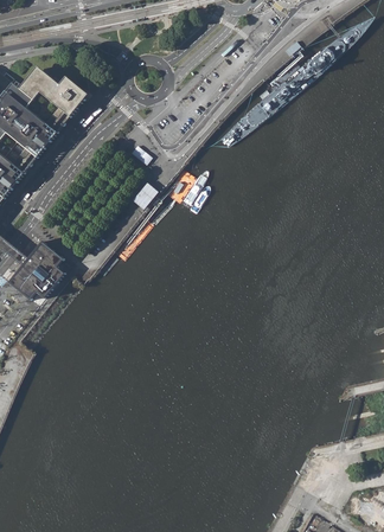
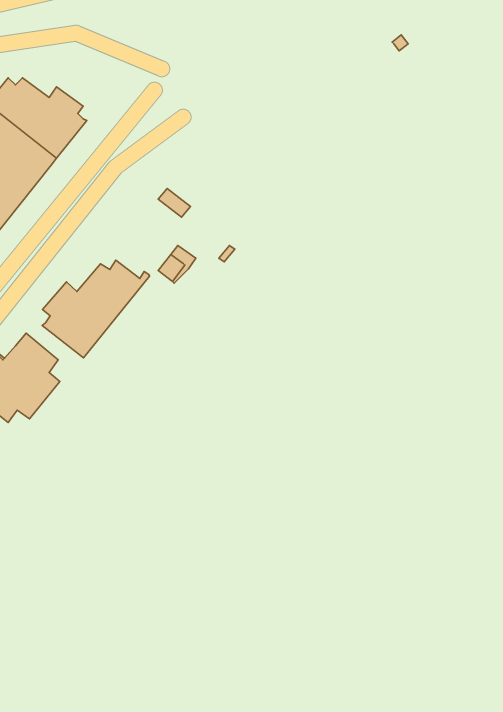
building: none -> [42,260,149,358]

